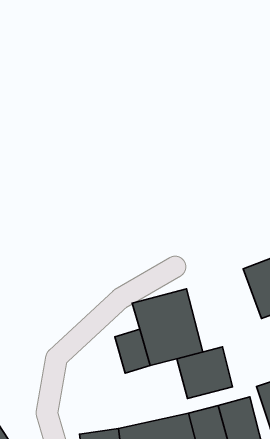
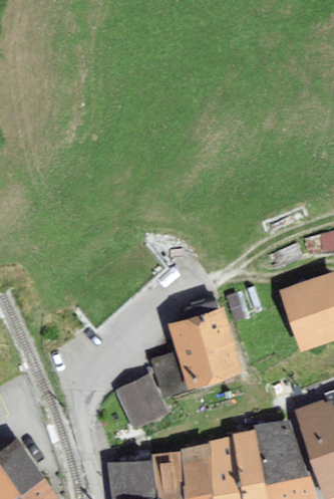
building: [177,347,232,398] -> none
building: none -> [112,377,163,430]

